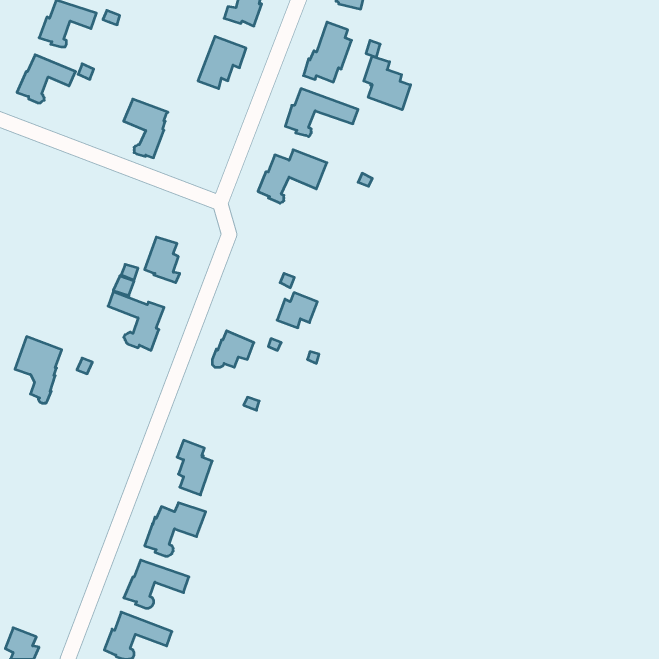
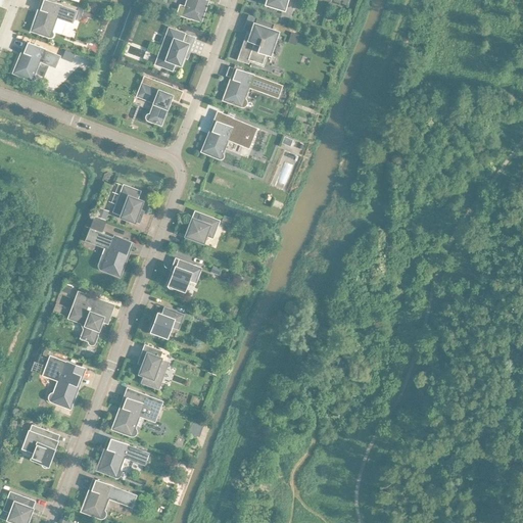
building: [364,56,411,110] -> none
building: [124,99,168,158] -> [137,78,172,124]
building: [277,293,317,328] -> [186,213,218,241]
building: [15,337,62,403] -> [68,292,105,344]
building: none -> [149,307,182,335]
building: none -> [42,355,81,407]
building: none -> [22,425,53,467]

